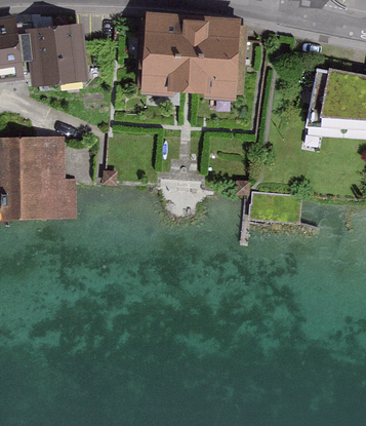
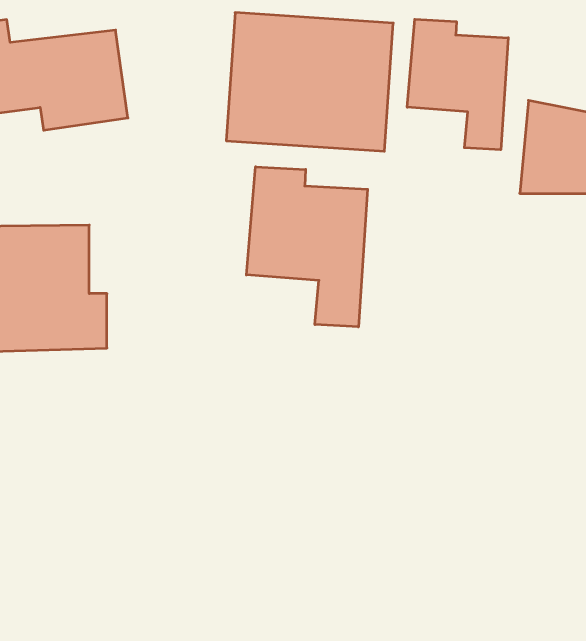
building: none -> [407,19,508,150]
building: none -> [246,167,368,327]

